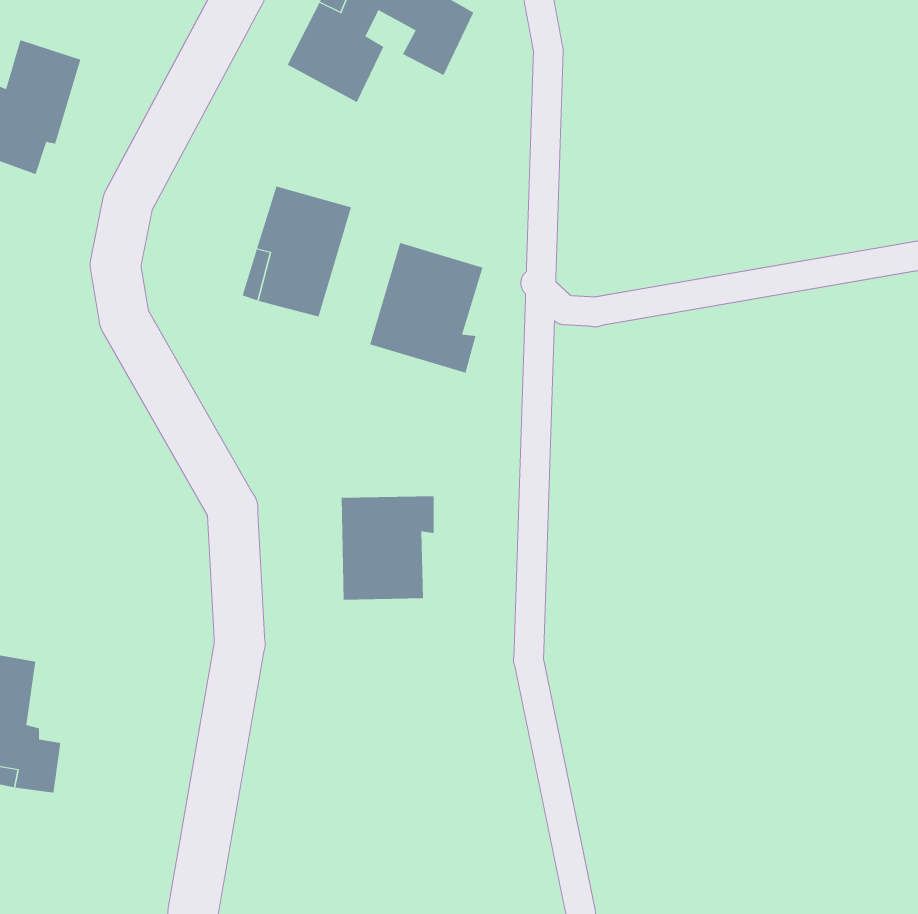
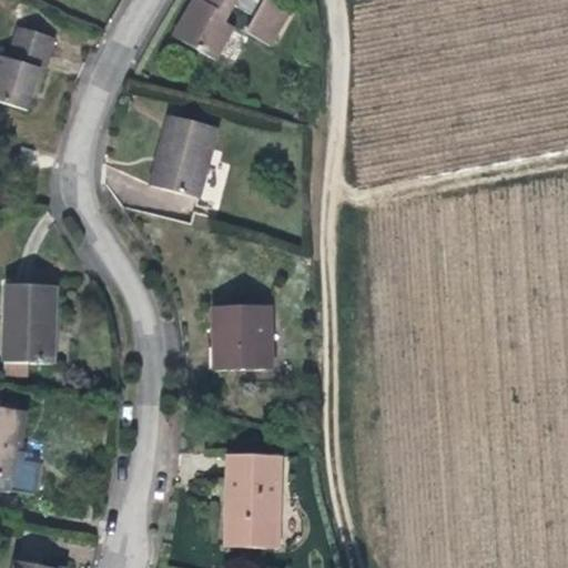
building: [370,242,483,373] -> none
building: none -> [4,278,54,357]
building: none -> [227,453,281,548]

